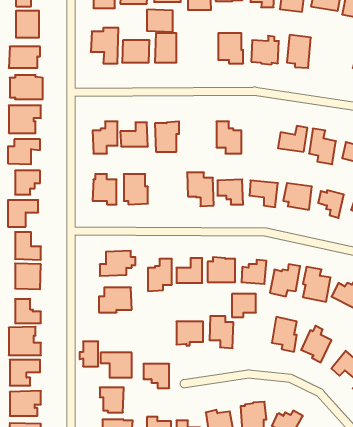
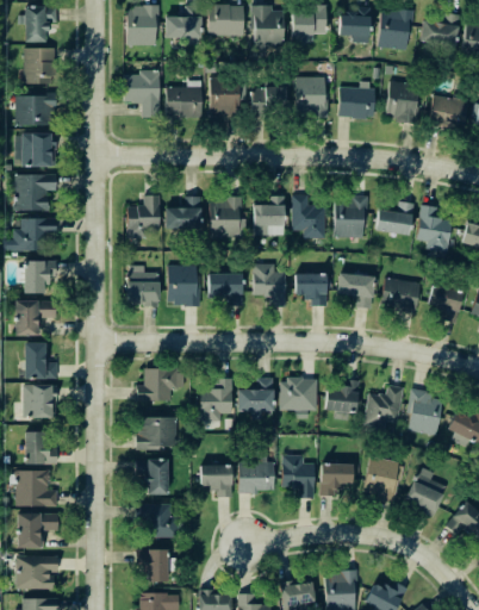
building: [147,10,173,32] -> [251,87,286,117]
building: none -> [429,95,468,131]
building: none -> [251,195,285,235]
building: none -> [335,195,368,236]
building: none -> [206,274,243,307]
building: [232,294,256,317] -> [319,465,352,496]
building: [80,341,98,366] -> [141,461,166,494]
building: [143,364,169,388] -> [198,466,232,498]

